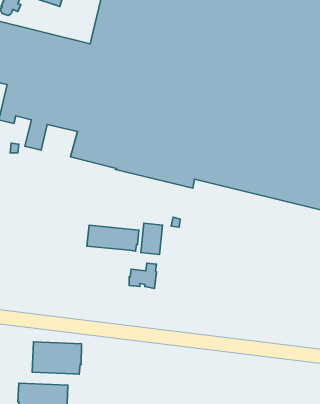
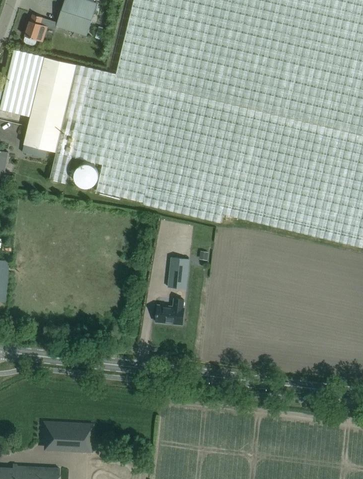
building: [87,225,139,251] -> none
building: [32,342,82,374] -> none

